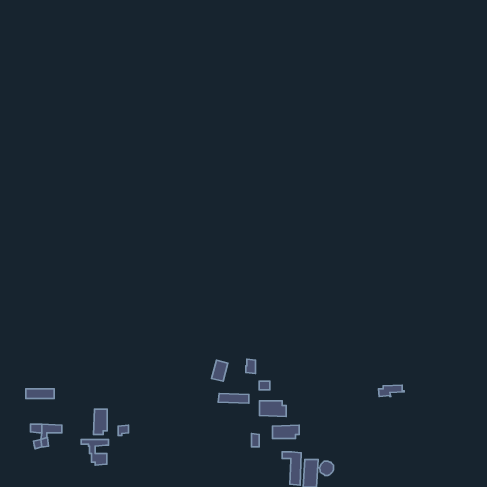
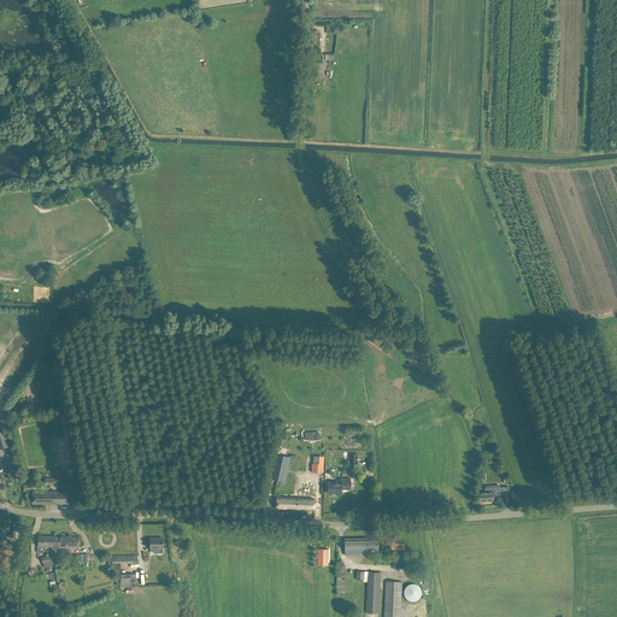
building: [259,401,286,417] -> none
building: [93,409,107,435] -> none

